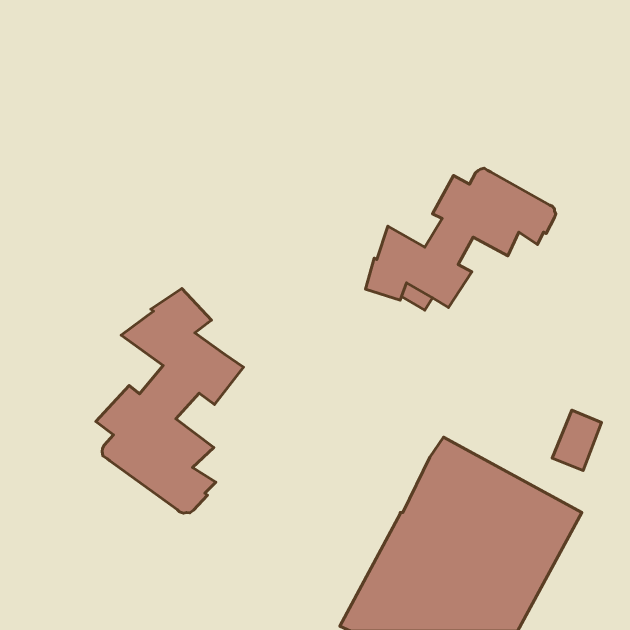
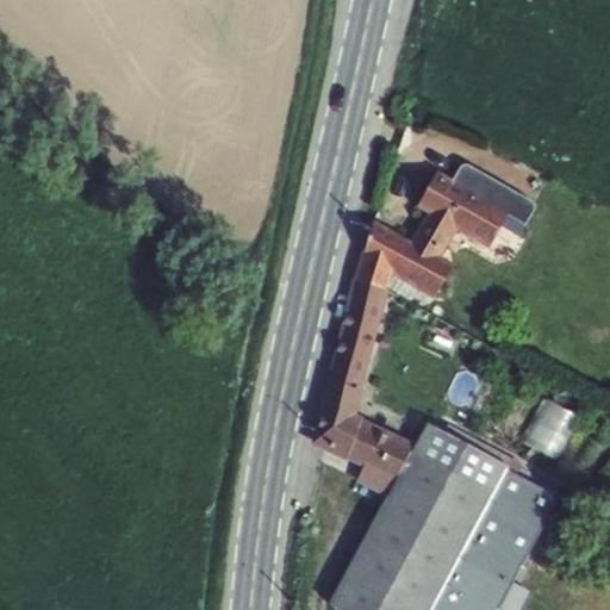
building: [96,289,244,513] -> none
building: none -> [312,280,415,497]

